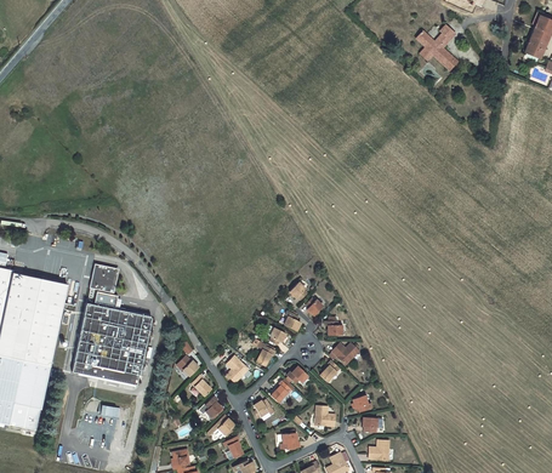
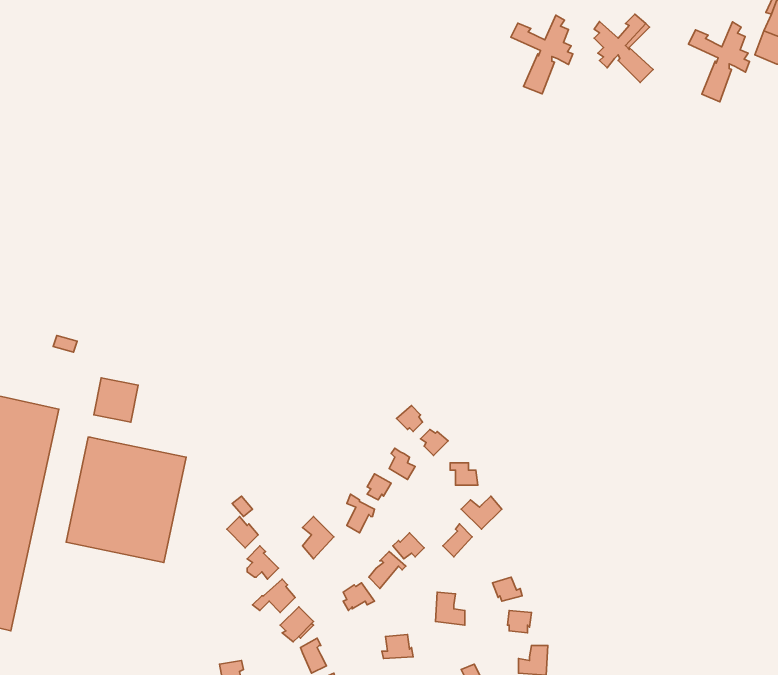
building: none -> [511,15,573,94]
building: none -> [689,22,750,102]

